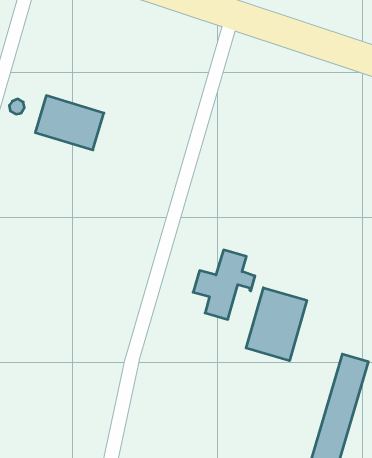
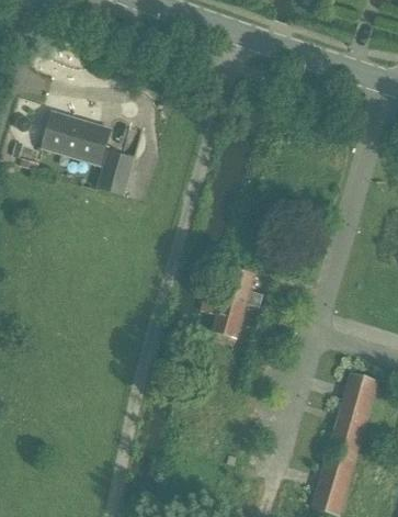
building: none -> [99,150,135,193]
building: [246,288,307,361] -> none

